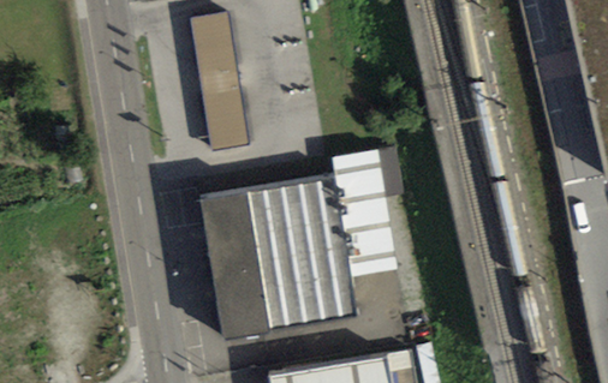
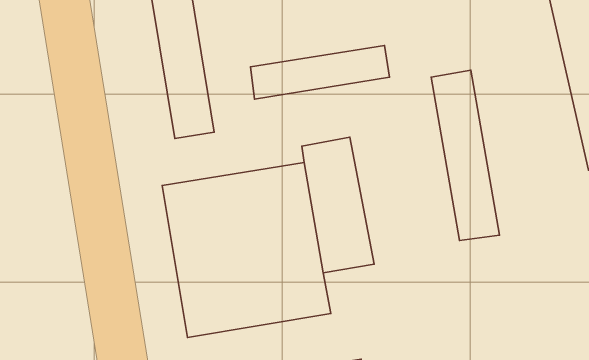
building: none -> [251,45,390,99]
building: none -> [431,70,500,241]

